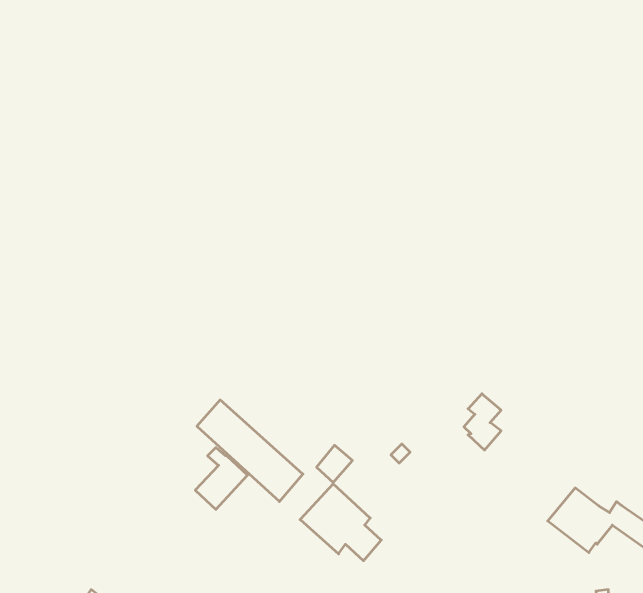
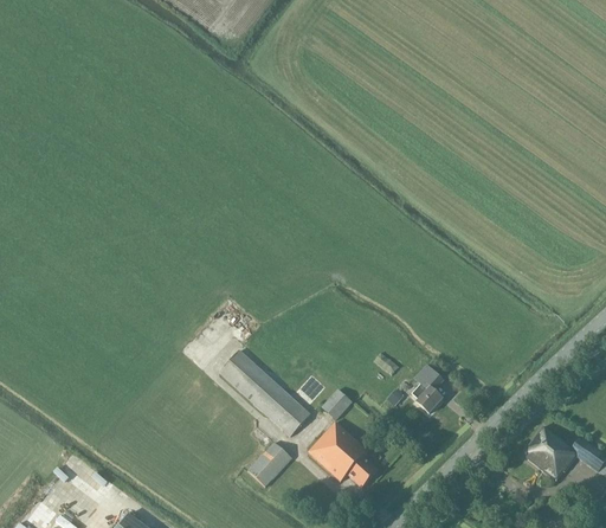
building: [464,394,501,450] -> [412,366,444,414]
building: [195,448,248,509] -> [247,434,292,488]

